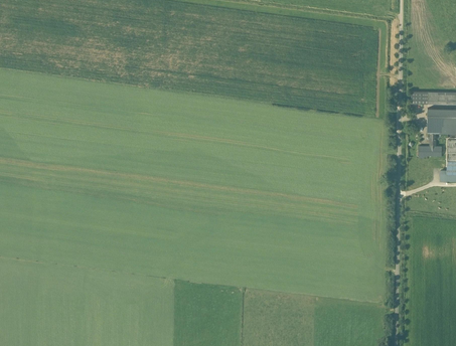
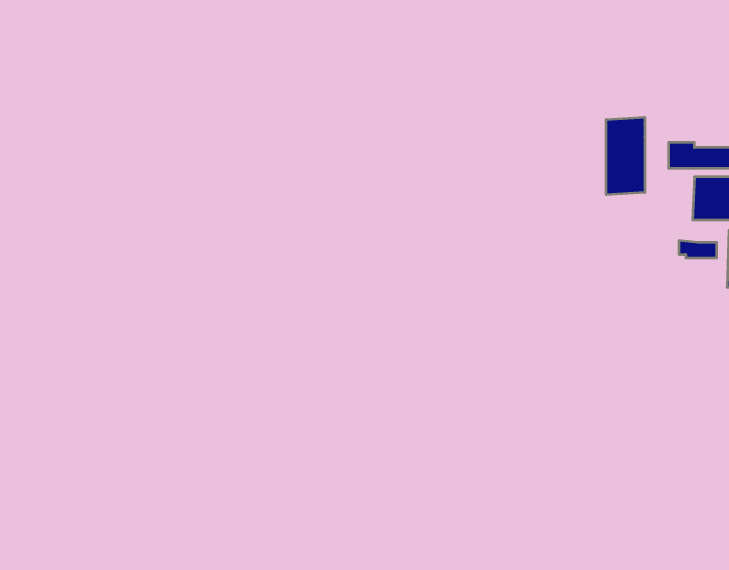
building: none -> [606,117,645,195]

